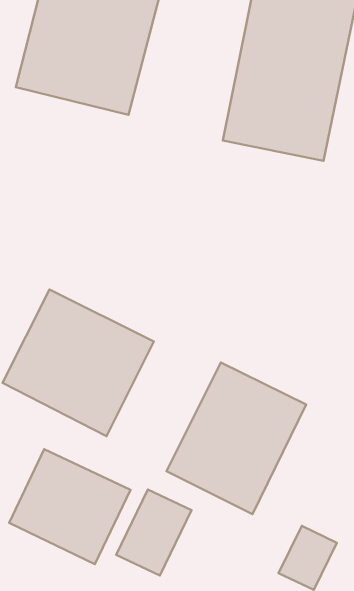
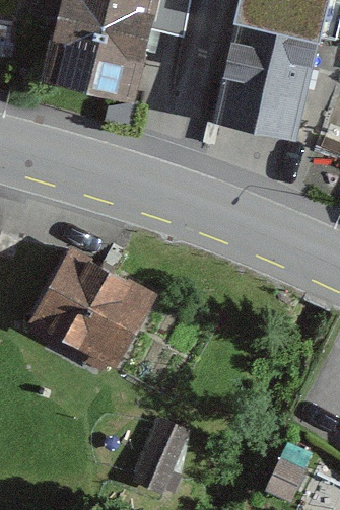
building: [167,363,306,514] -> none
building: [9,449,131,564] -> none

